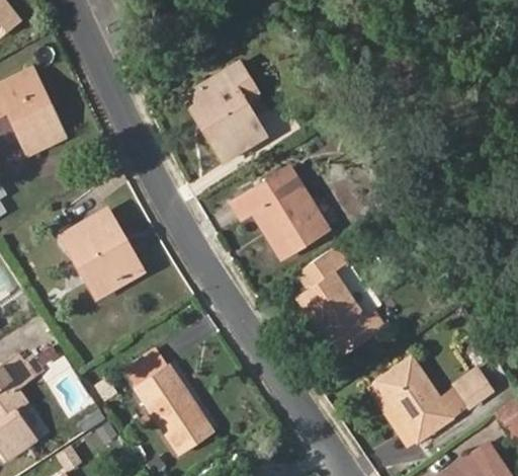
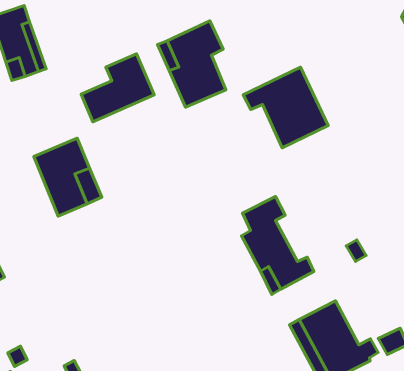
building: none -> [81,54,154,122]
building: [232,166,329,257] -> [243,67,328,148]
building: [136,364,213,454] -> none

